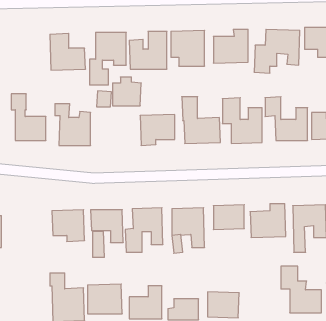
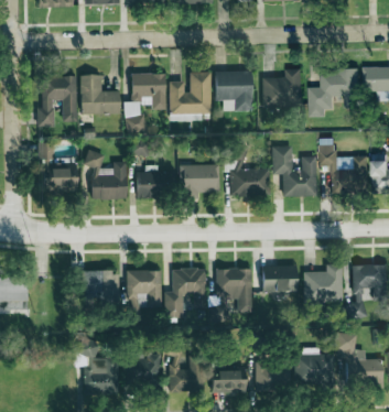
building: none -> [36,76,77,127]
building: [113,77,141,106] -> [137,165,169,197]
building: none -> [294,349,335,386]

